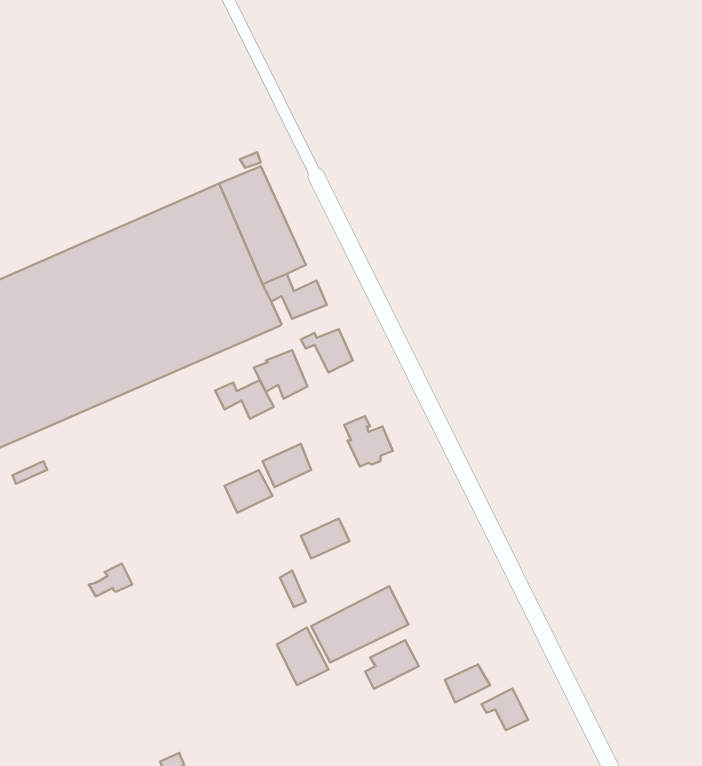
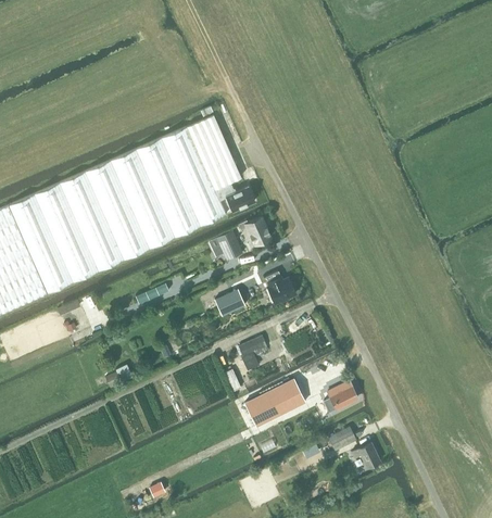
building: [215,380,274,419] -> none
building: [224,470,273,513] -> none
building: [277,627,329,685] -> none
building: [365,640,419,689] -> [324,382,357,413]

